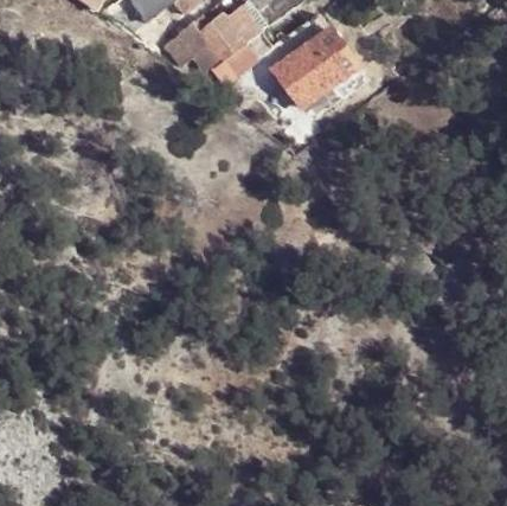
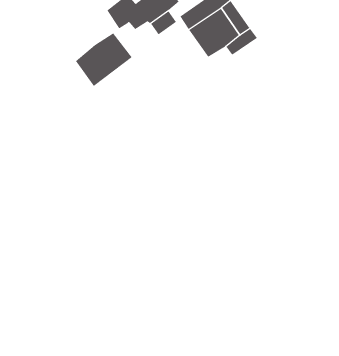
building: none -> [75,32,132,87]

